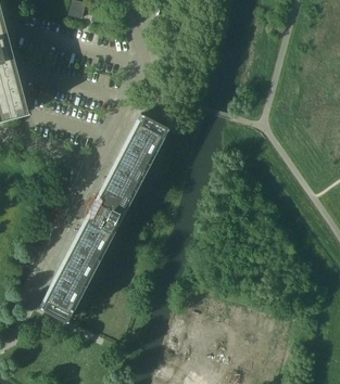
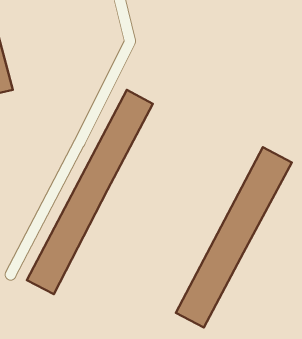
building: none -> [176,147,292,327]

